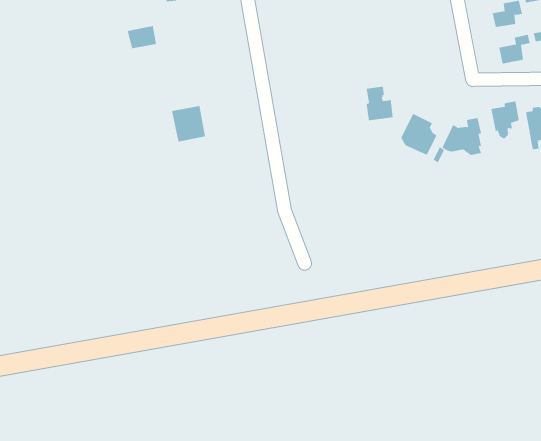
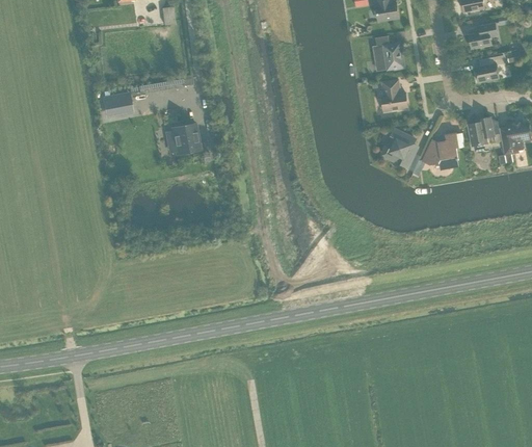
building: none -> [372,35,404,71]
building: [127,25,157,49] -> [102,93,130,114]
building: [366,86,394,121] -> [381,79,407,111]

